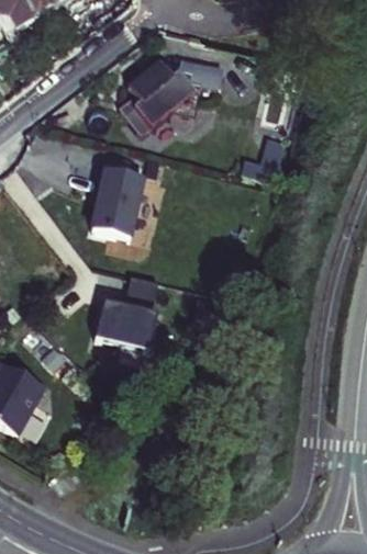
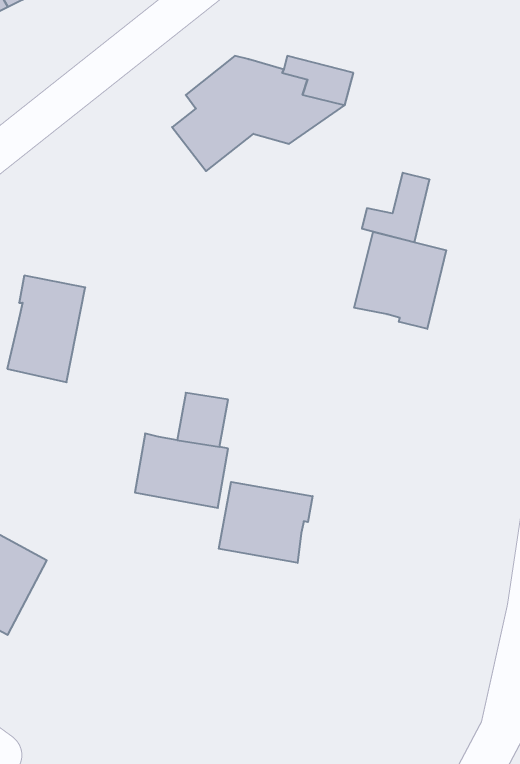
building: none -> [354,232,446,329]
building: [91,172,142,241] -> [7,276,85,382]
building: none -> [219,482,313,563]

